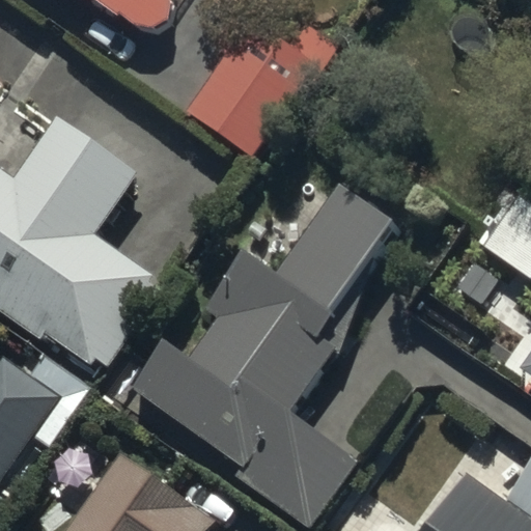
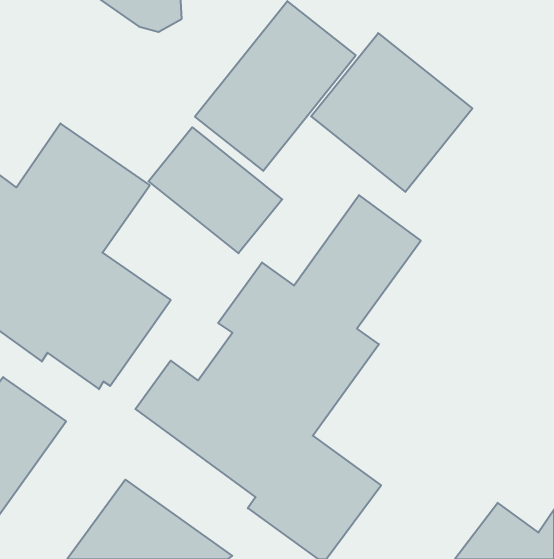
building: none -> [311,33,472,192]
building: none -> [148,127,282,253]

